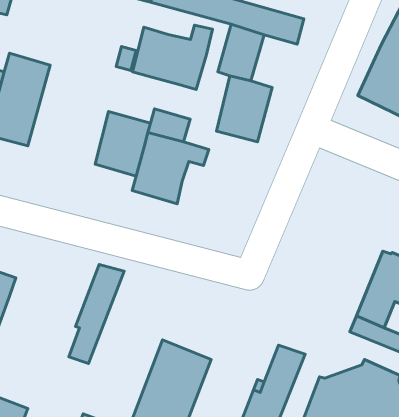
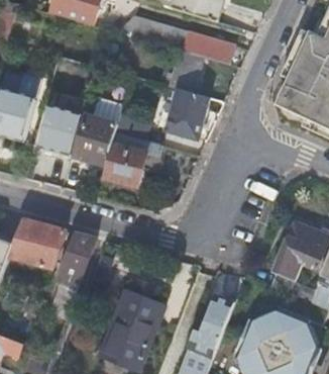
building: [132,25,212,89] -> none
building: none -> [37,106,80,156]
building: none -> [8,219,67,269]

